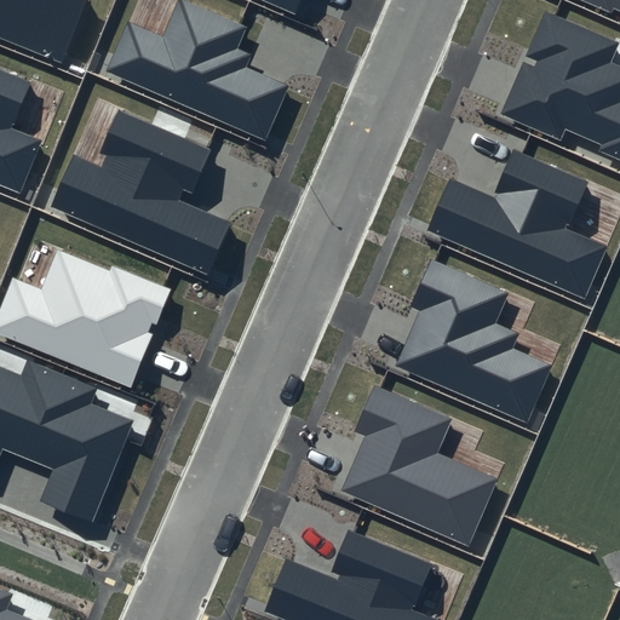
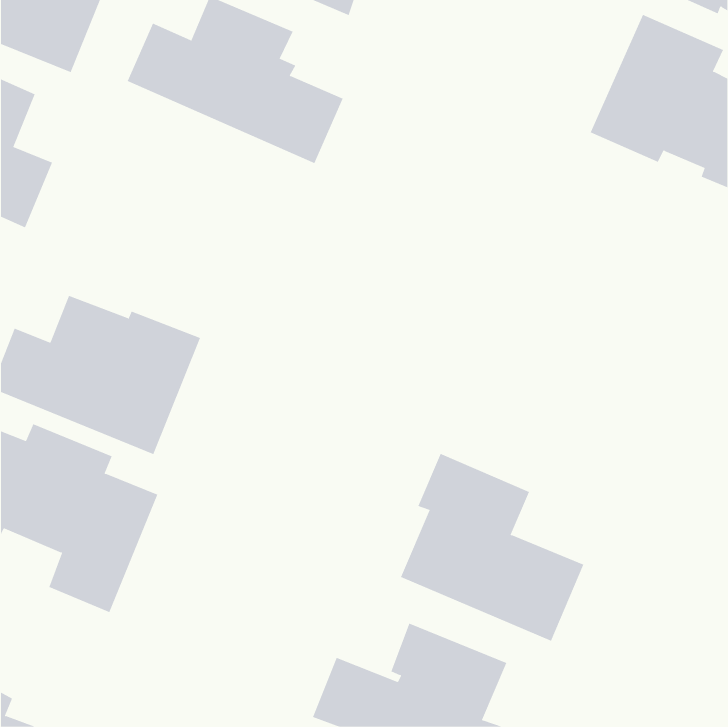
building: [51,108,231,275] -> none
building: [427,148,607,298] -> none
building: [394,258,552,424] -> none

